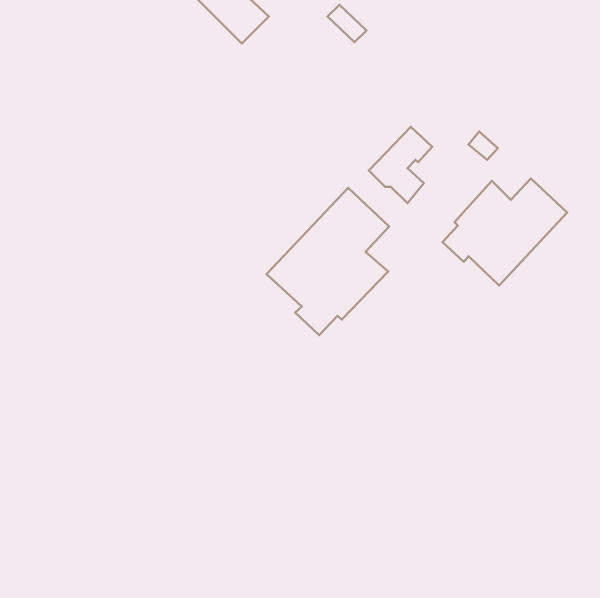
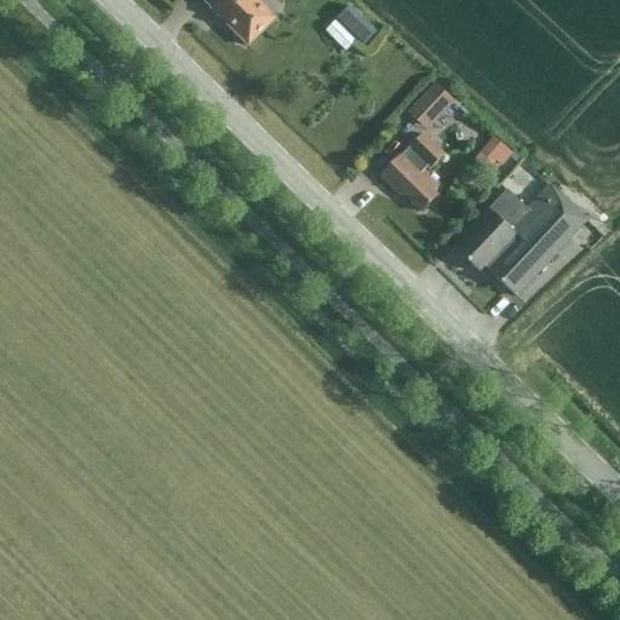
building: none -> [409,82,455,130]
building: [267,188,389,335] -> none

